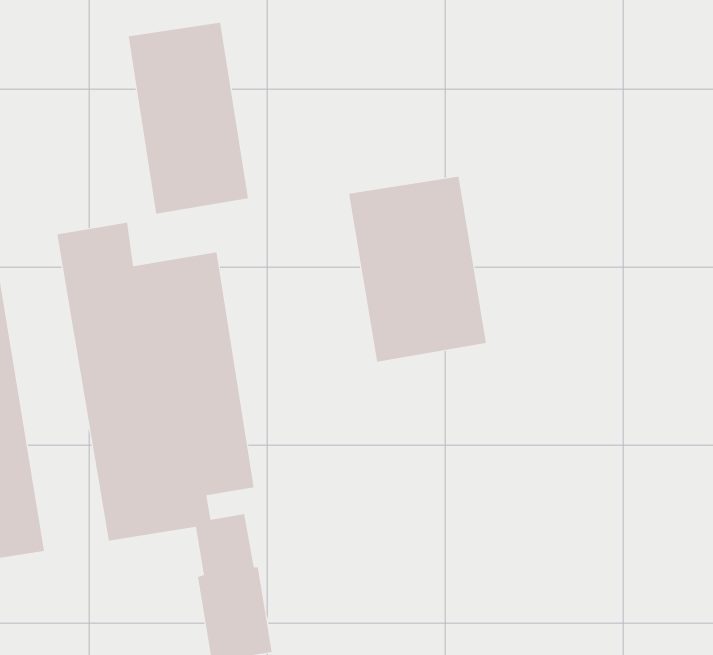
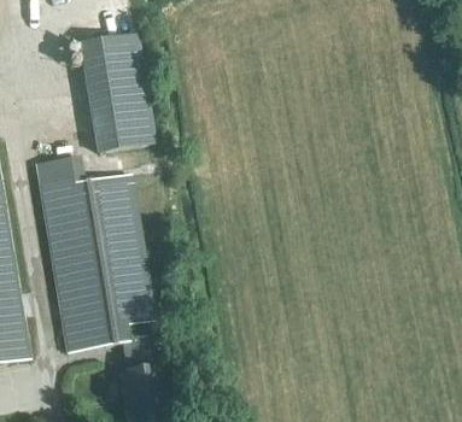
building: [349,176,487,363] -> none

